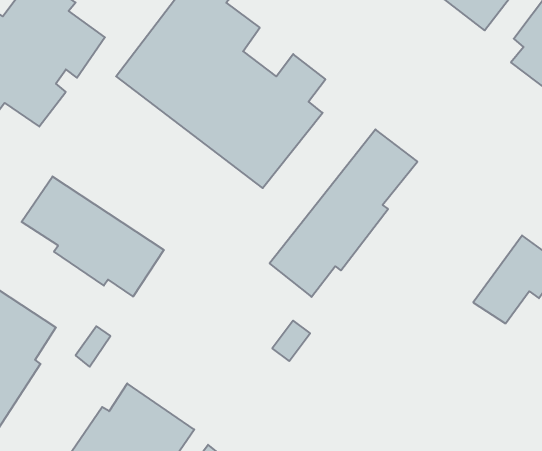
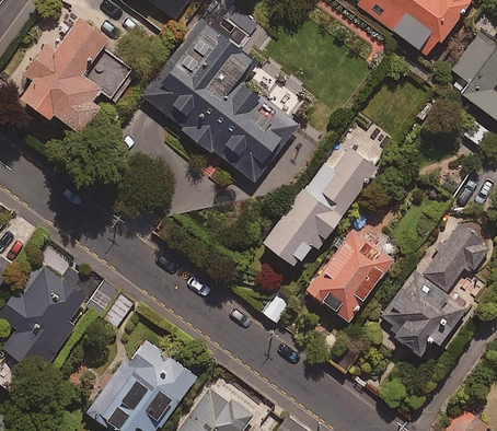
building: [22,176,164,297] -> none
building: none -> [305,230,393,324]
building: none -> [381,270,466,358]

